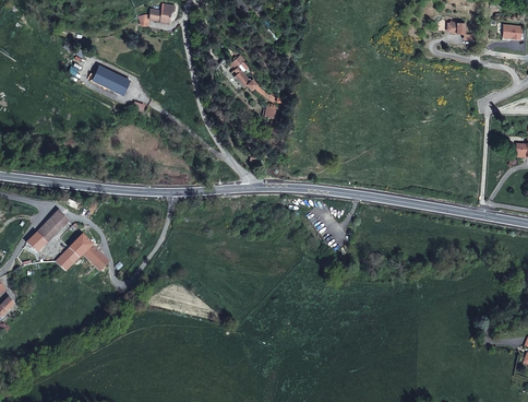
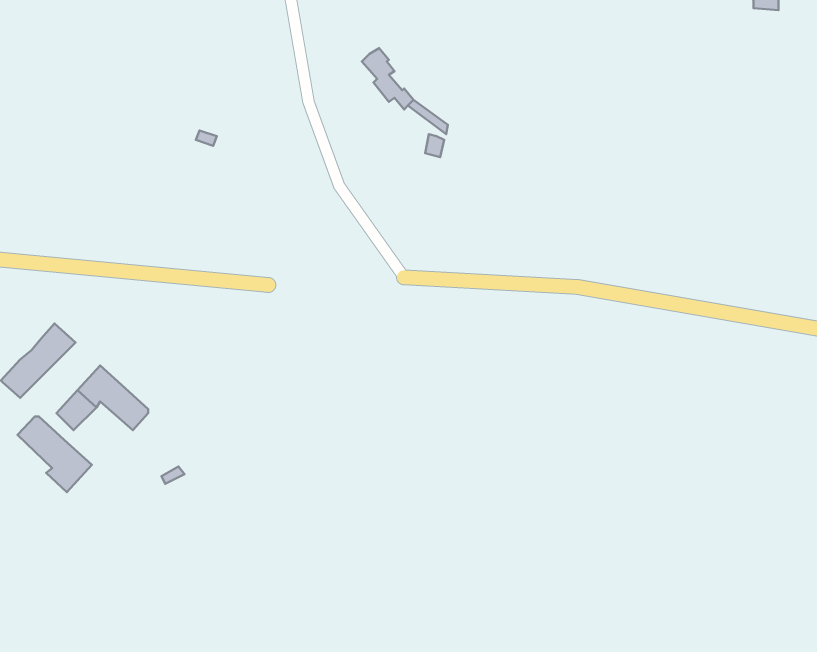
building: [93,66,131,96] -> none
building: none -> [17,416,92,492]

